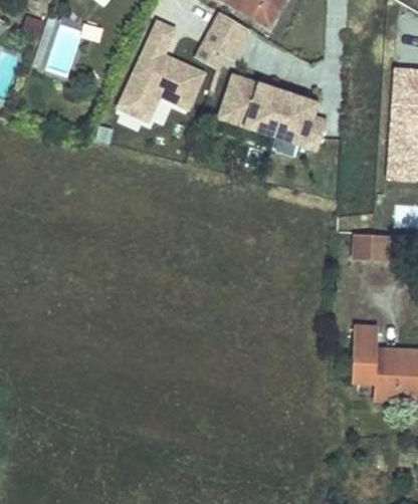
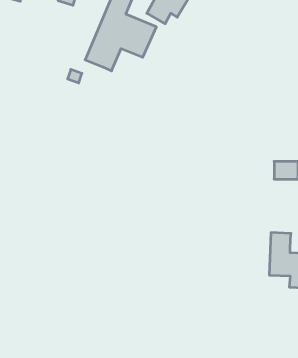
building: [217,71,326,149] -> none

